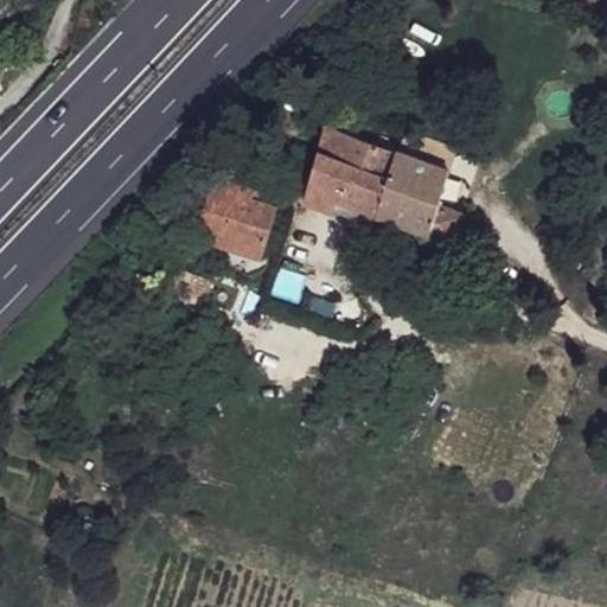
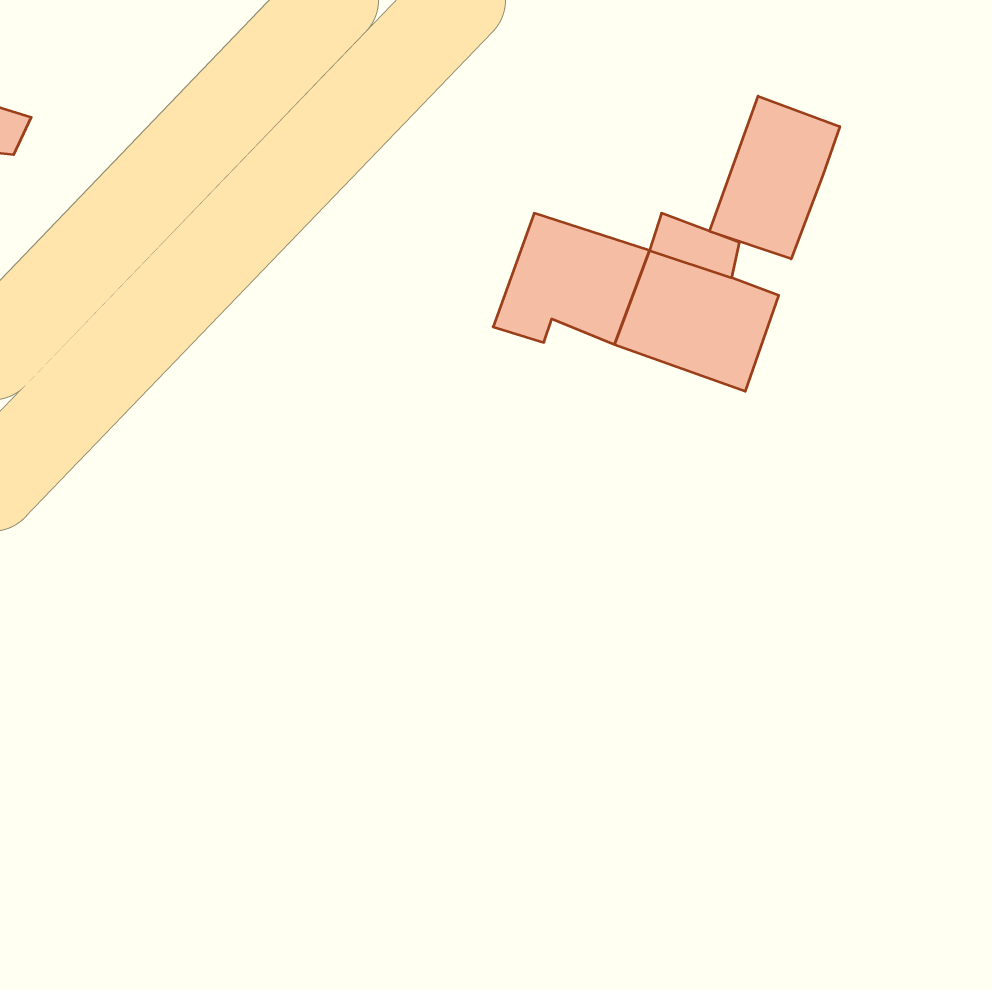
building: none -> [710,96,840,259]
building: [191,185,269,261] -> none

